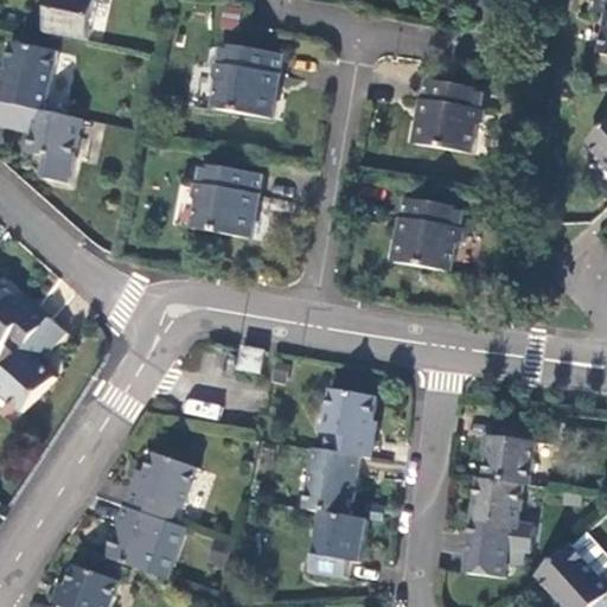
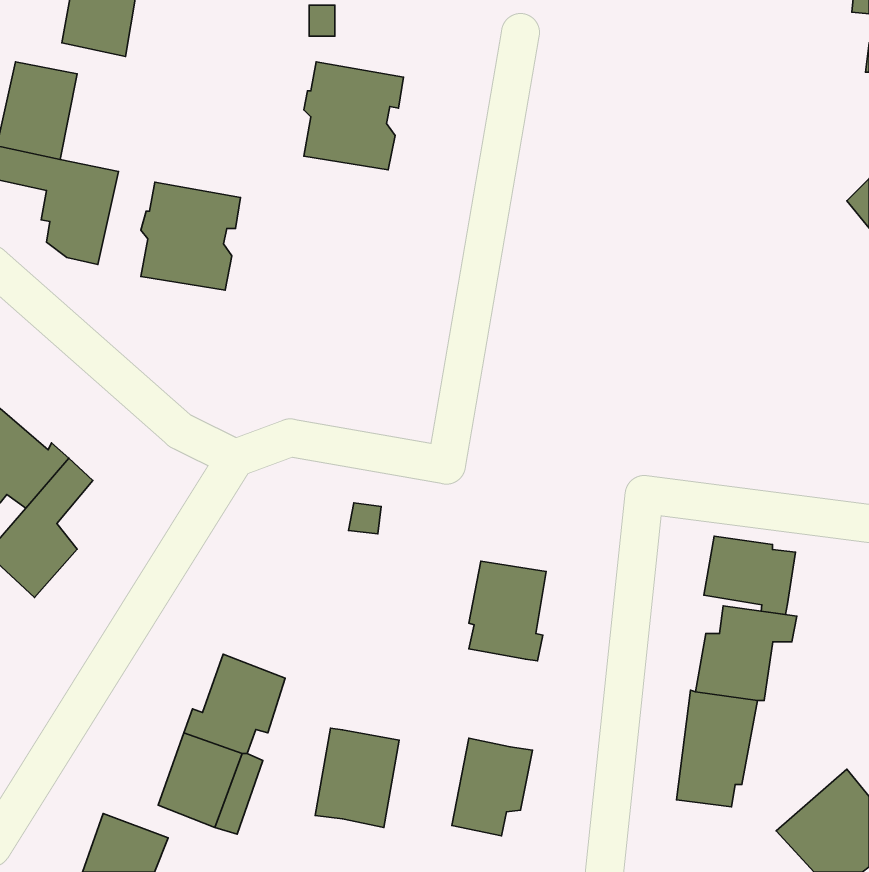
building: [410,79,483,154] -> none
building: [189,162,257,237] -> [141,182,241,290]
building: [389,198,461,273] -> none
building: none -> [704,536,795,615]
building: [305,447,363,516] -> [315,728,399,828]

